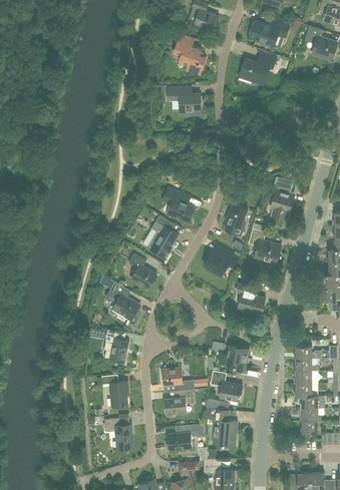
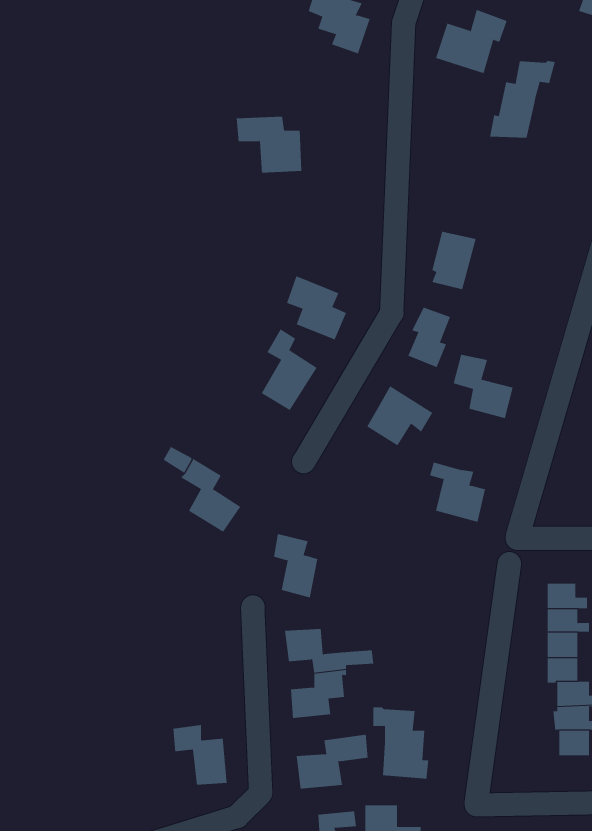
building: none -> [489,60,555,138]
building: [166,87,201,116] -> [236,116,302,173]
building: [271,189,294,219] -> [432,231,477,290]
building: [128,254,155,289] -> none
building: [105,330,128,363] -> [273,533,318,598]
building: [225,346,249,371] -> none
building: [209,371,242,402] -> none
building: [101,376,127,408] -> none

